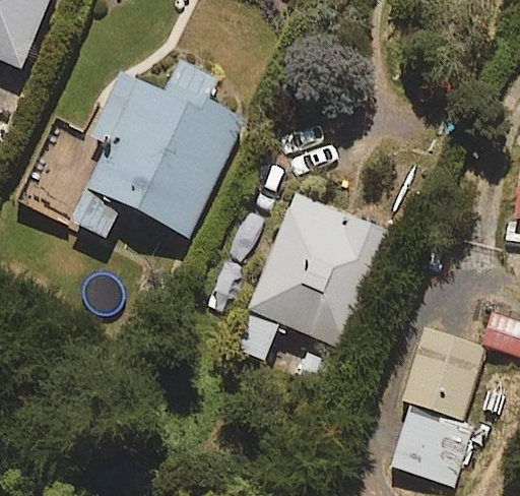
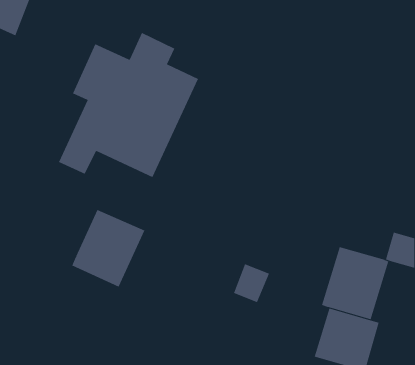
building: [232,190,390,363] -> none
building: none -> [71,209,145,288]

